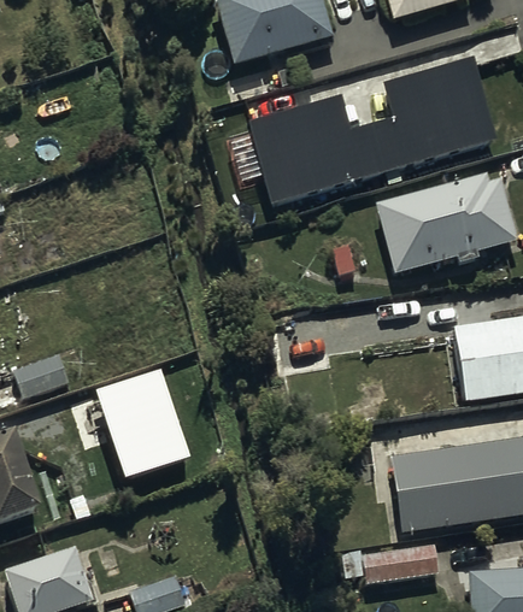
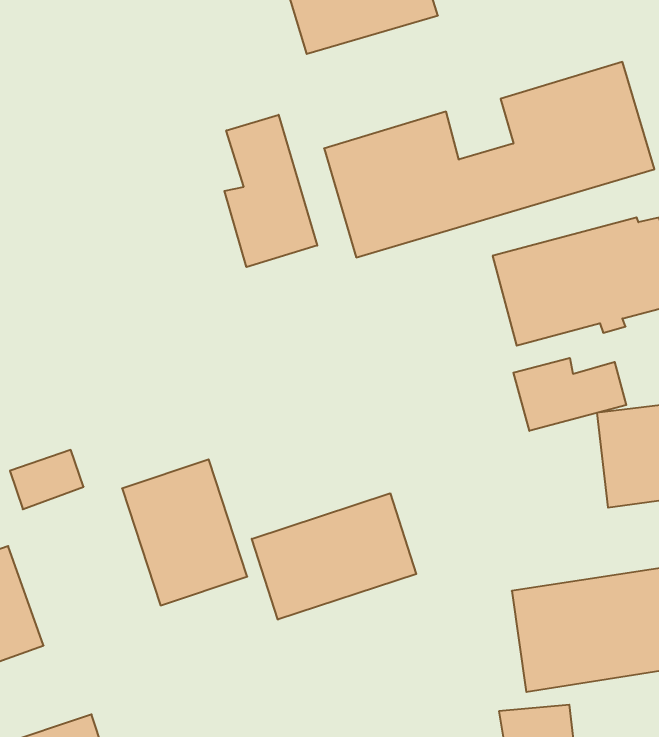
building: none -> [224,115,317,267]
building: none -> [513,358,626,431]
building: none -> [252,493,416,620]

